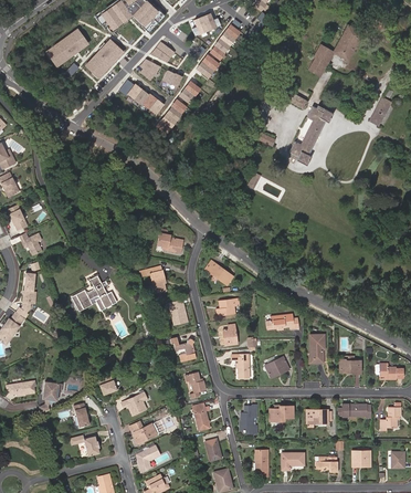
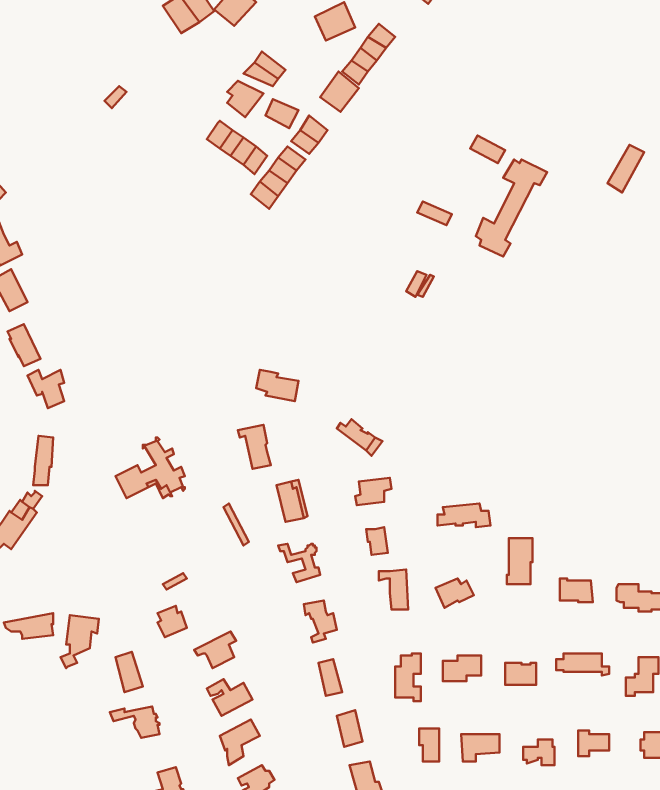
building: [308,24,363,76] -> none
building: [44,27,89,67] -> none
building: [85,39,124,78] -> none

